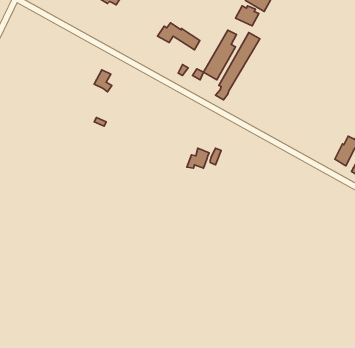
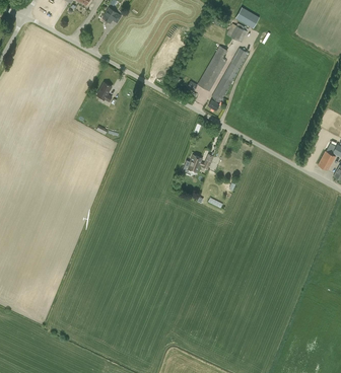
building: [158,23,200,50] -> none

